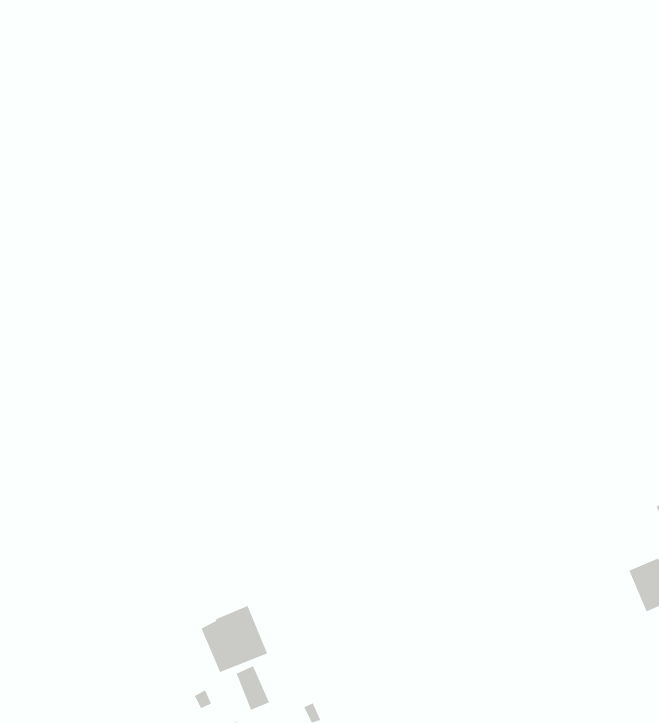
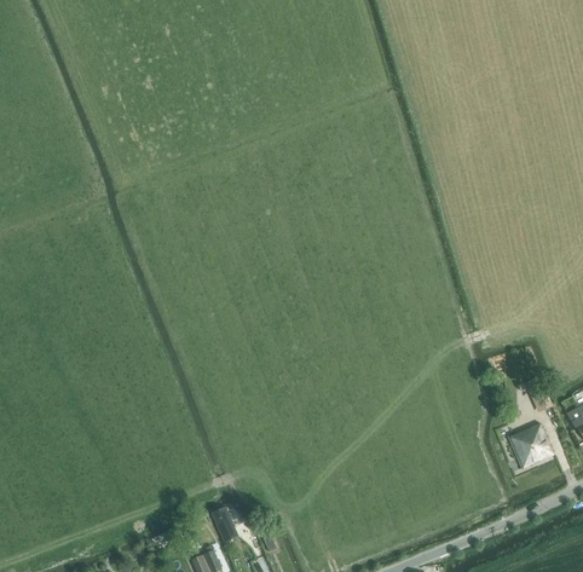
building: [201,605,268,673] -> none

